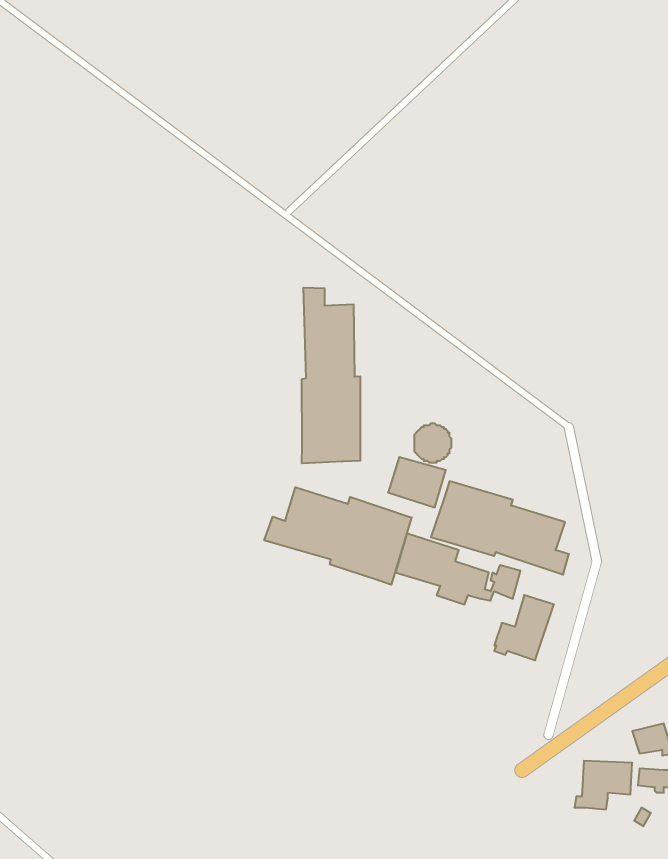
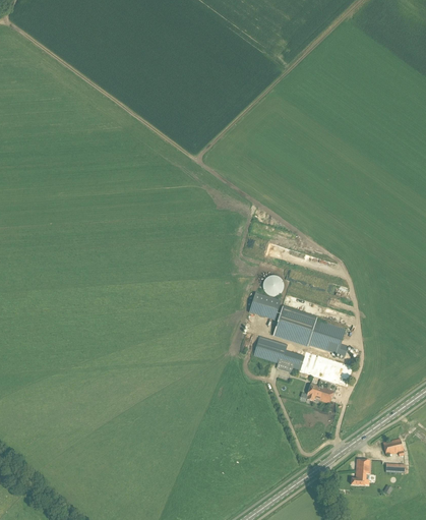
building: [302,288,360,463] -> none
building: [264,487,412,585] -> none

